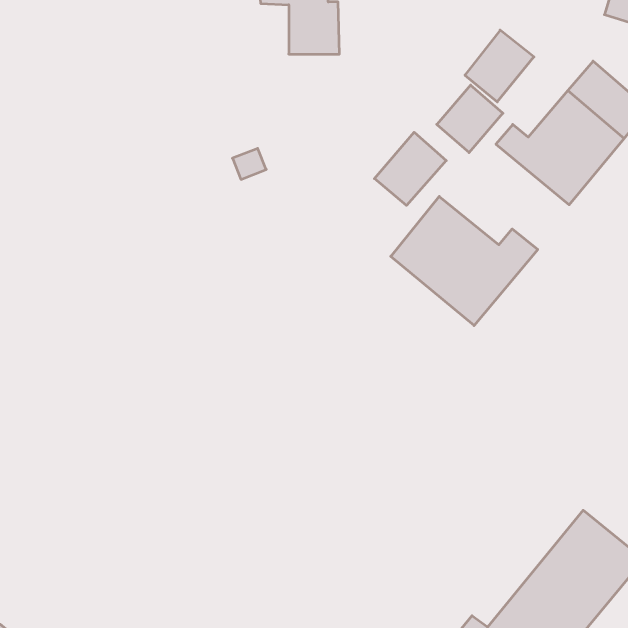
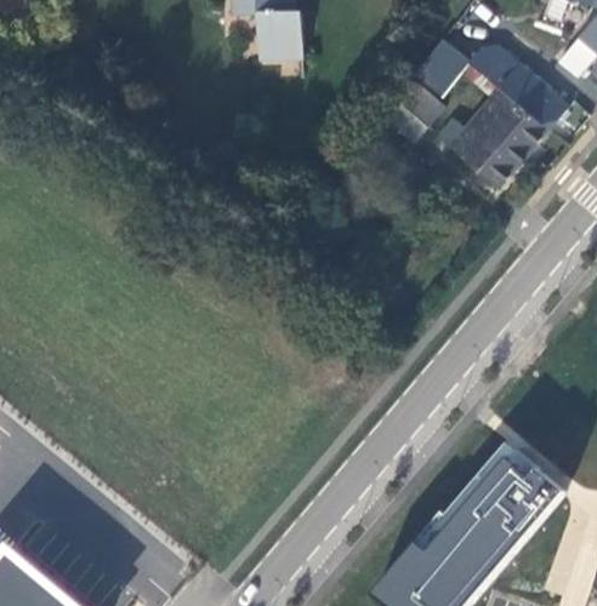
building: none -> [470,44,521,87]
building: [374,132,446,205] -> none
building: [391,196,538,326] -> none

